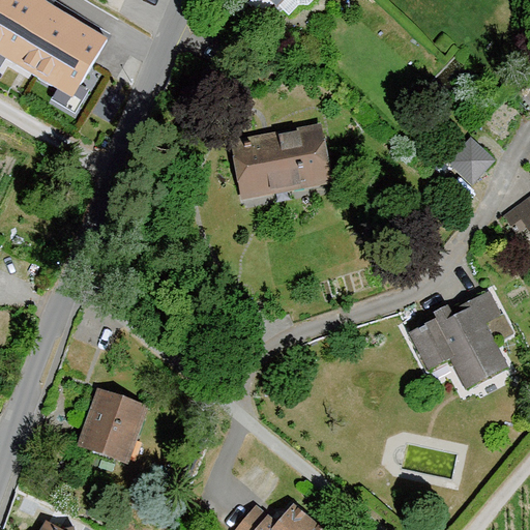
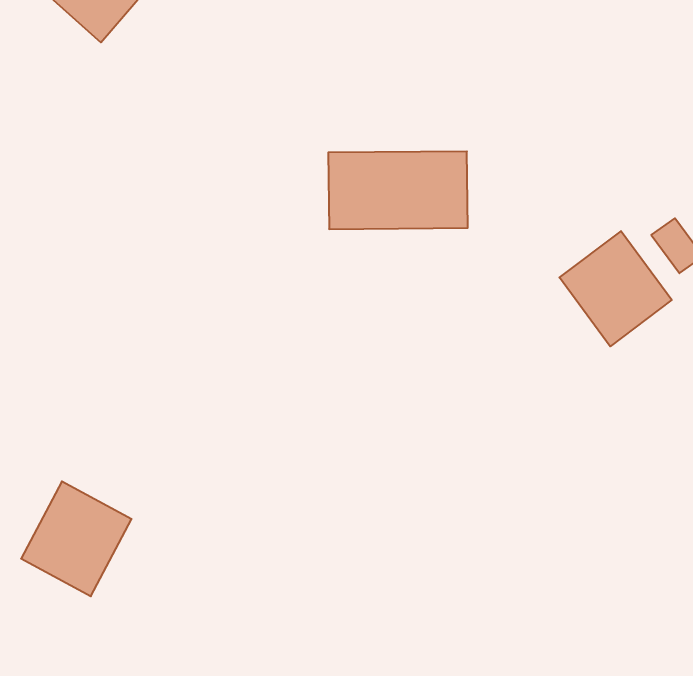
building: none -> [559,231,672,346]
building: [410,291,506,385] -> none

